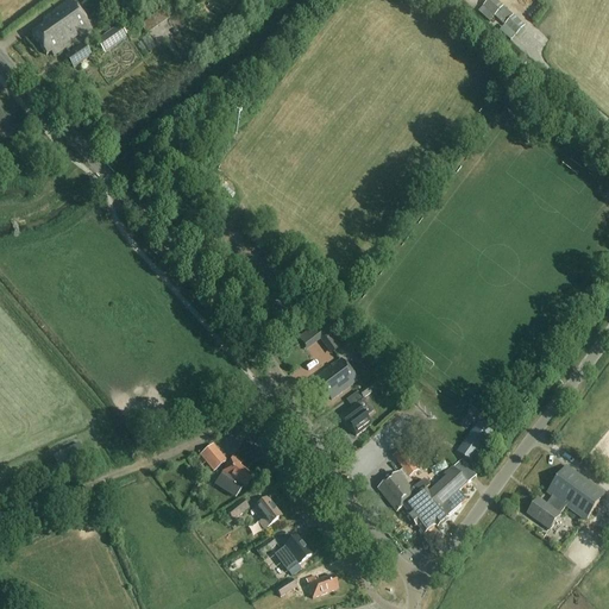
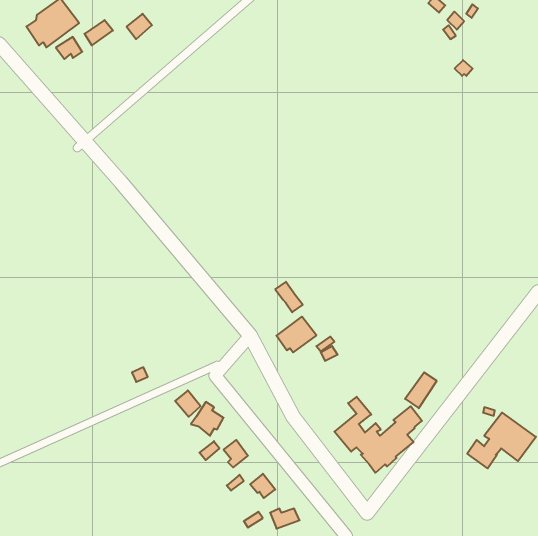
building: [339,402,371,435] -> none

